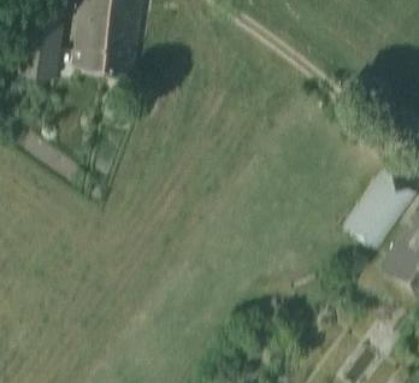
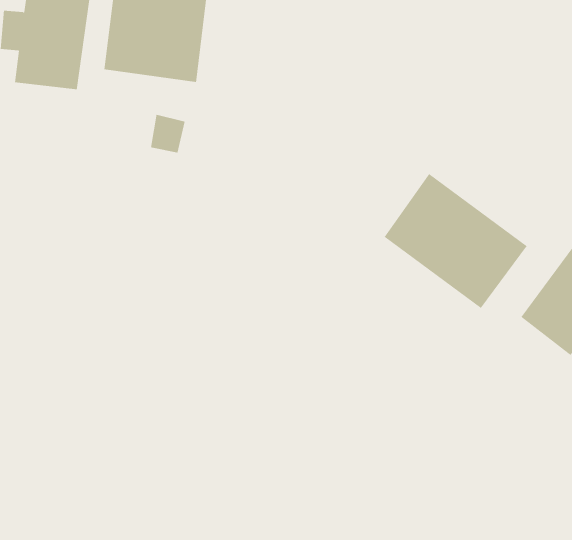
building: none -> [384,173,528,309]

